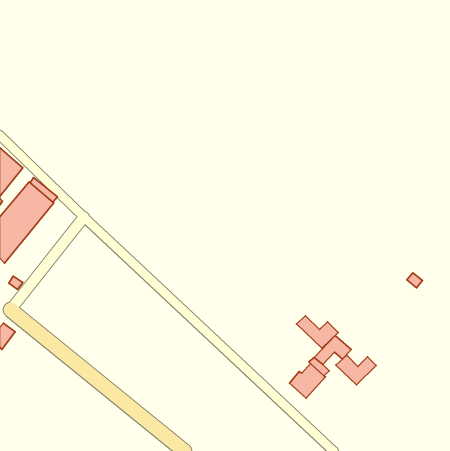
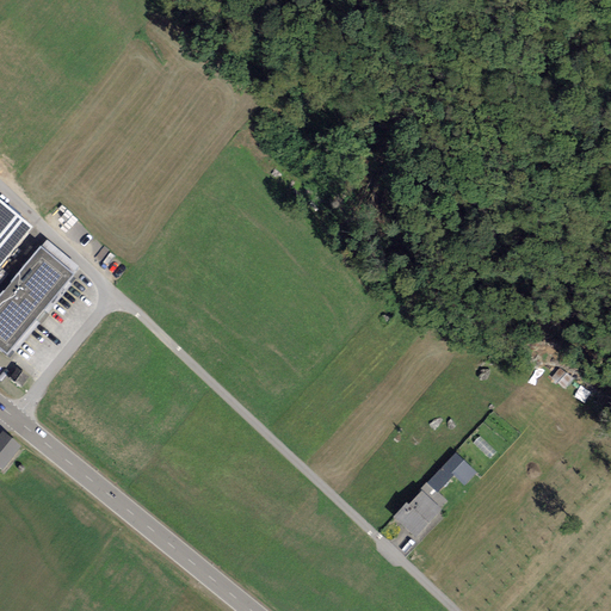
building: [296,316,338,348] -> none
building: [336,355,376,385] -> none

